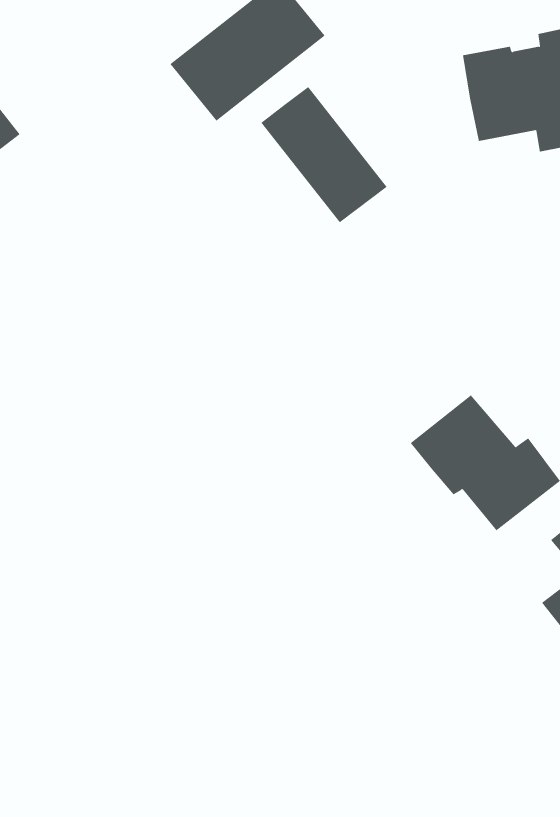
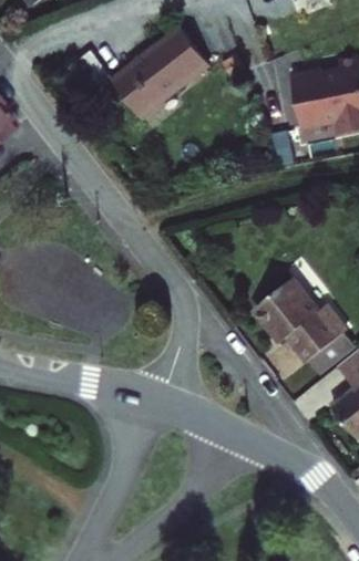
building: [260,86,387,223] -> none

